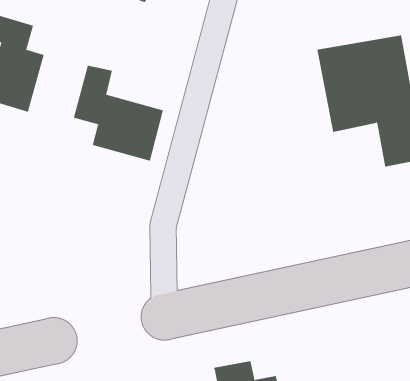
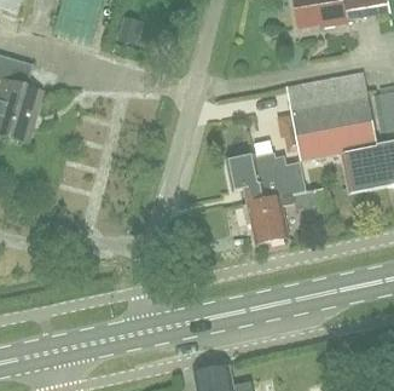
building: [73,65,164,162] -> none
building: none -> [226,151,307,243]

